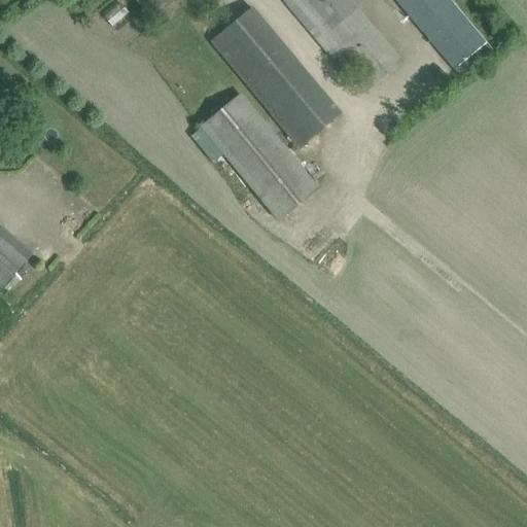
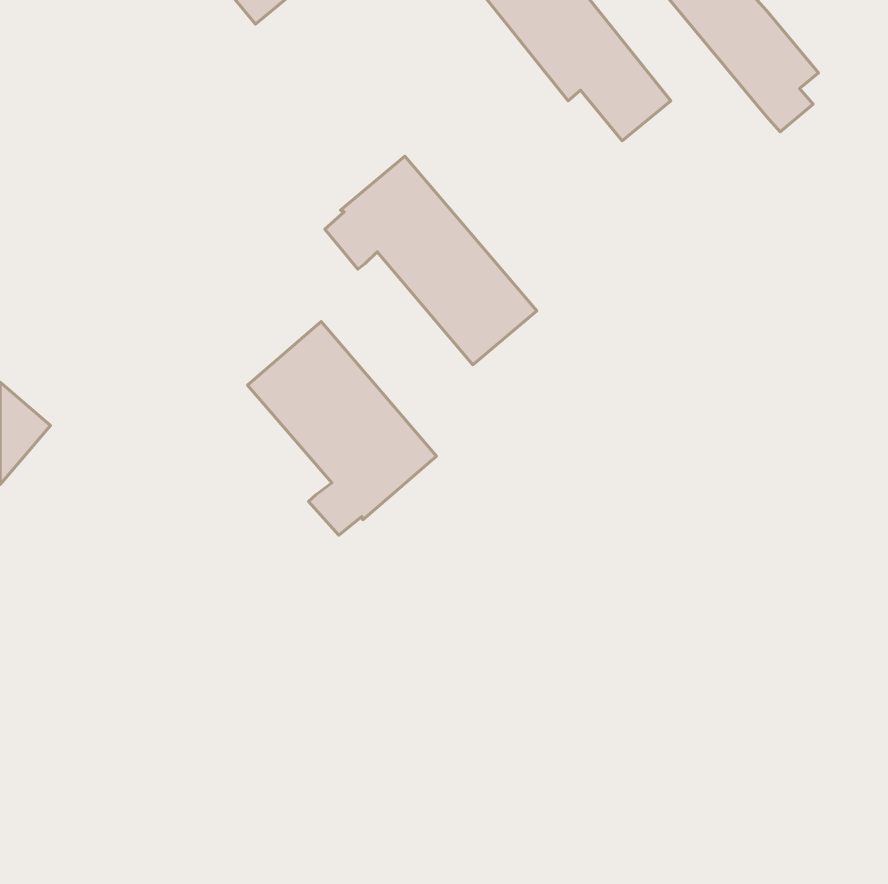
building: [213,7,335,139] -> none
building: none -> [248,321,436,535]

